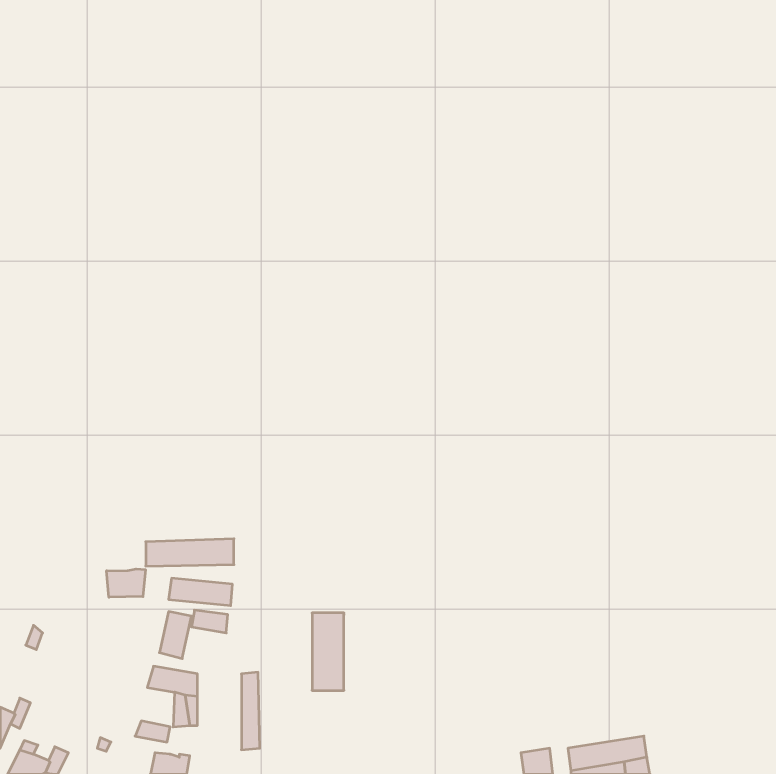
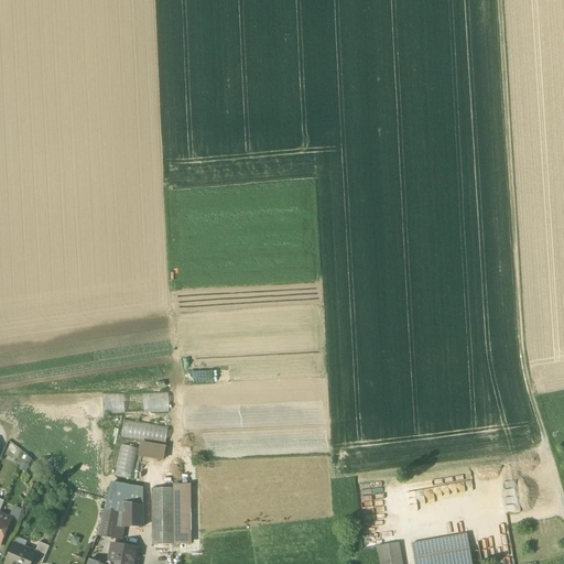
building: [107,569,145,597] -> none
building: [312,613,344,690] -> [152,488,175,544]
building: none -> [102,499,127,528]

